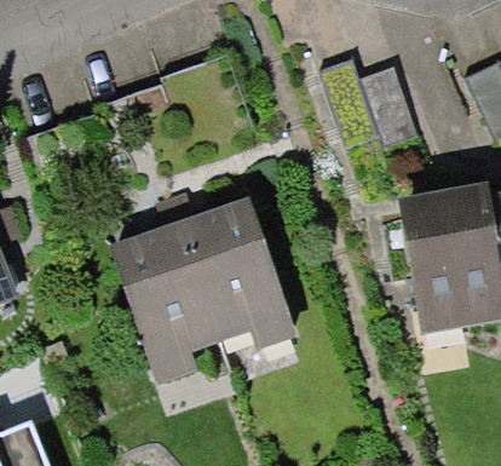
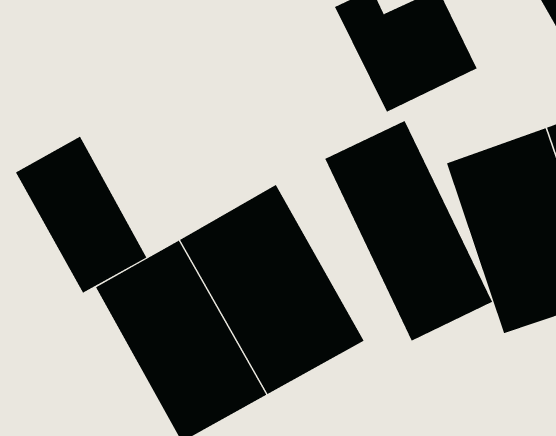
building: none -> [15,136,147,293]
building: none -> [324,120,493,342]

